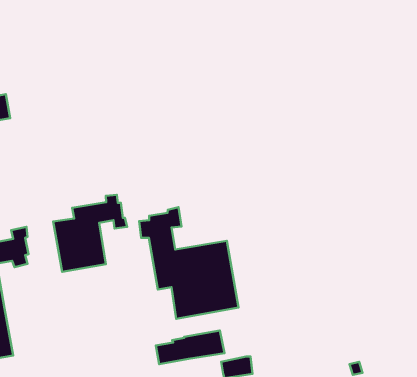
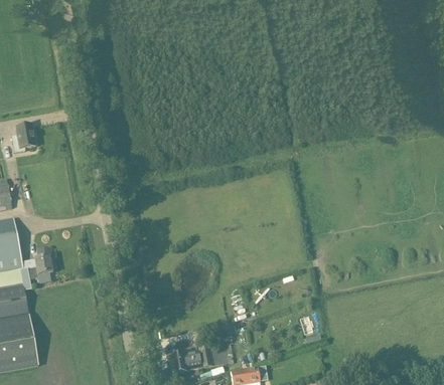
building: [53,195,127,272] -> none
building: [139,207,238,319] -> none

